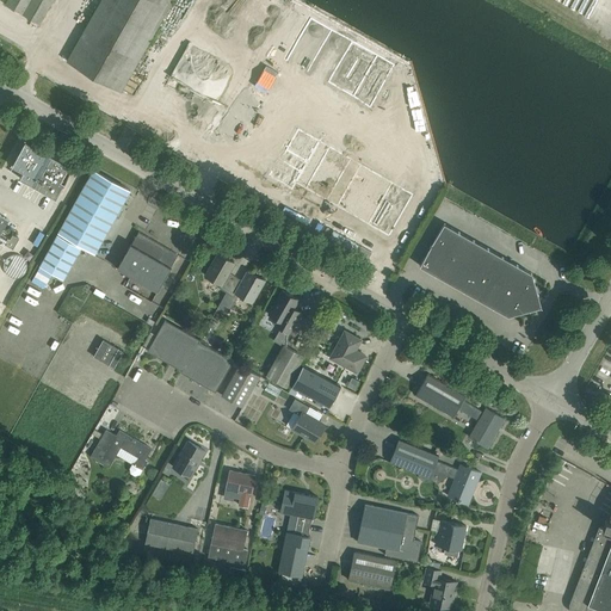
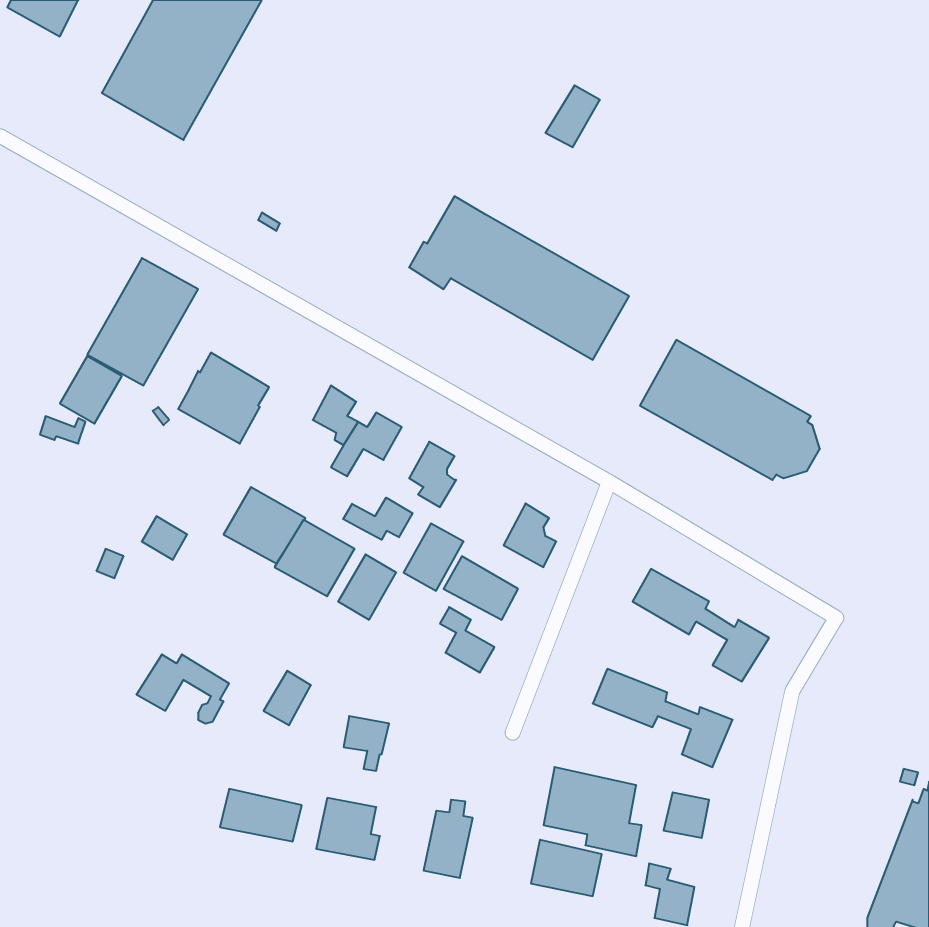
building: [8,142,73,200] -> none
building: none -> [343,498,413,540]
building: [280,492,317,527] -> none

